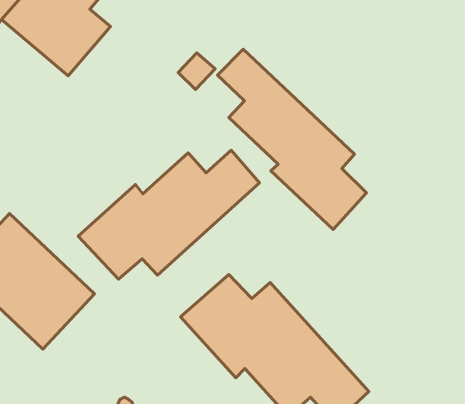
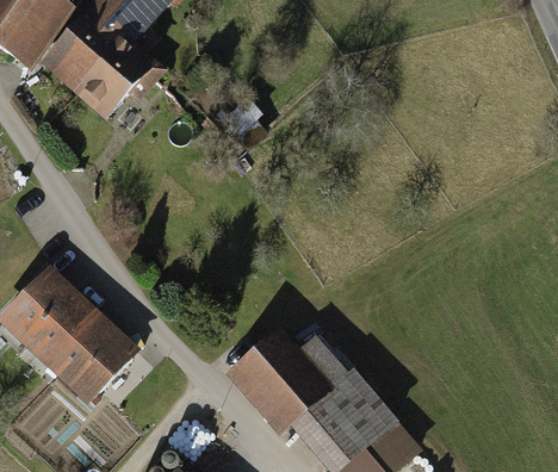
building: [217,49,367,230] -> none
building: [78,150,260,279] -> none

